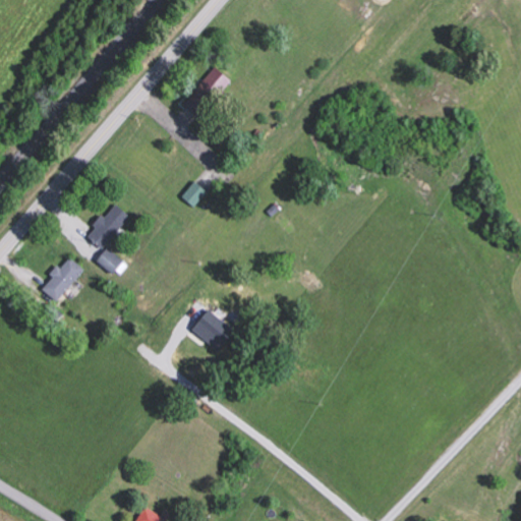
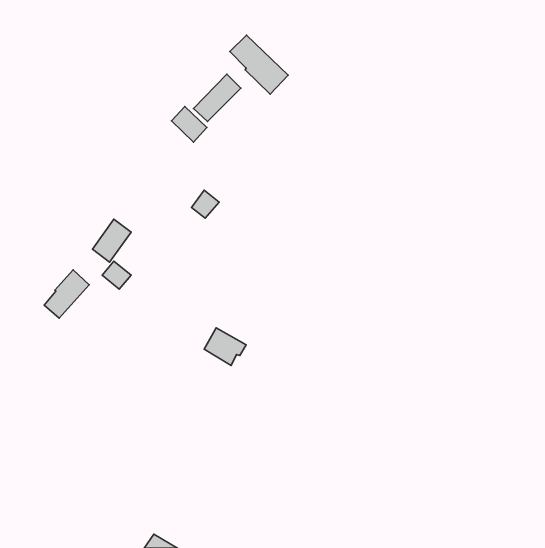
building: none -> [230,35,288,94]
building: none -> [172,106,207,142]

